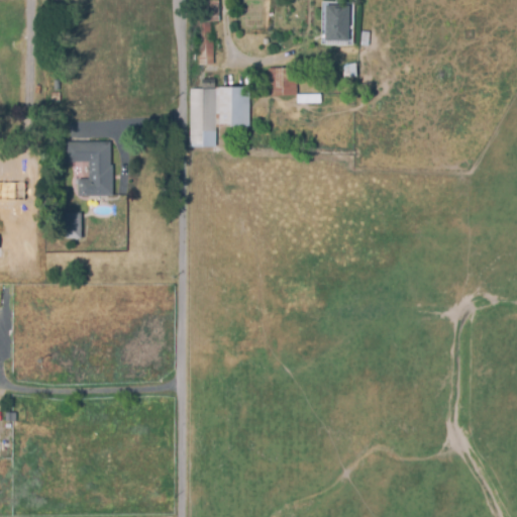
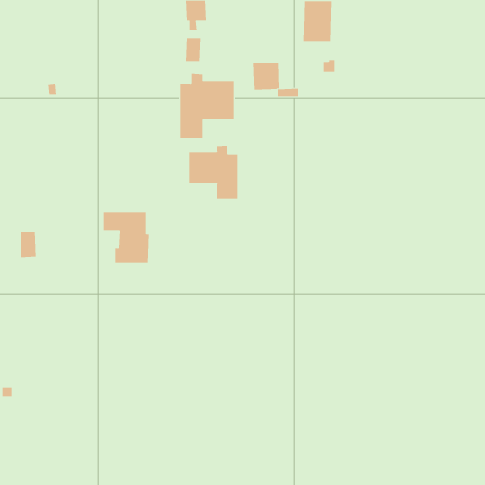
building: [65,141,114,196] -> [103,212,149,263]
building: none -> [189,145,238,200]
building: [65,212,82,240] -> [20,231,36,258]

